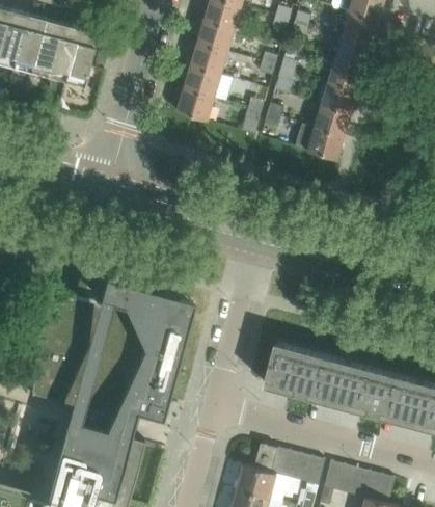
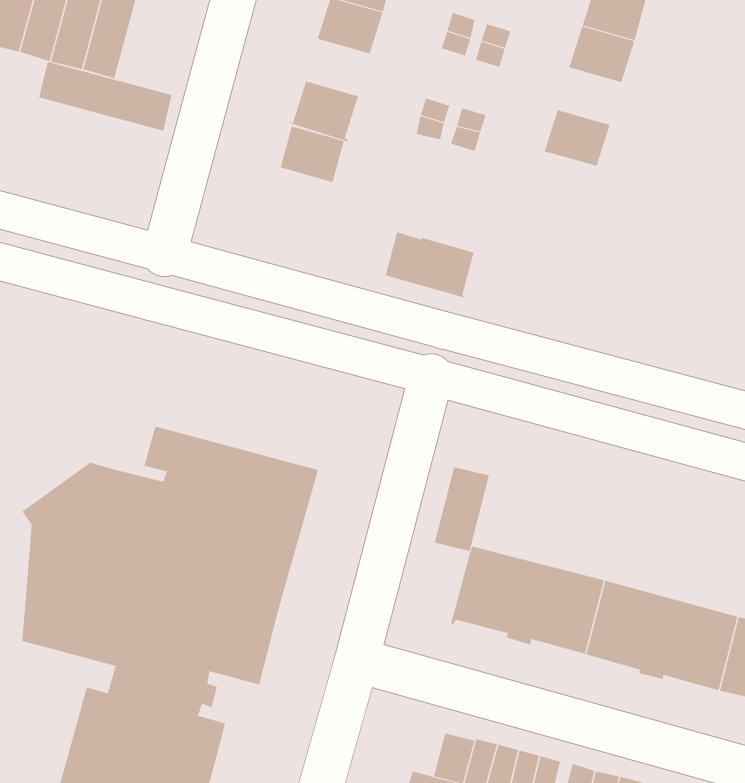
building: [185,66,220,98] -> [280,126,345,183]
building: none -> [39,61,172,131]
building: [322,82,357,113] -> none
building: [295,125,344,161] -> [385,232,475,298]
building: none -> [434,466,489,552]

